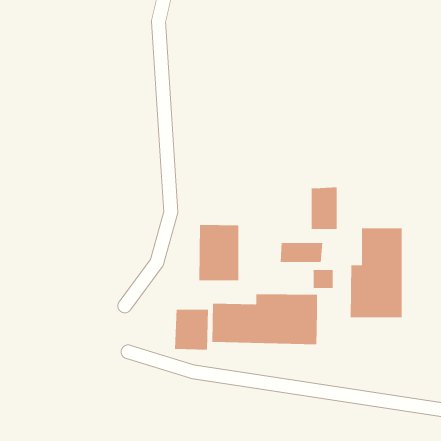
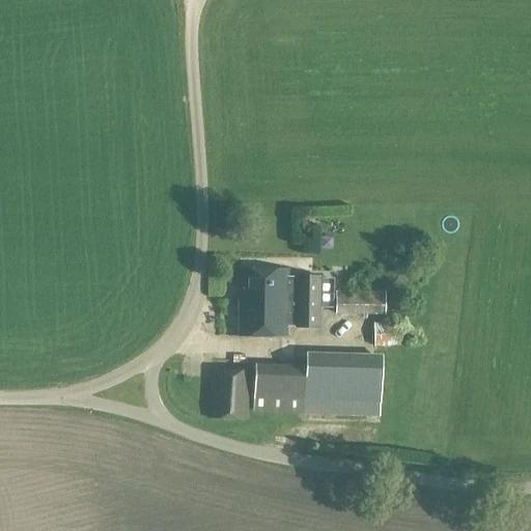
building: [311,187,338,229] -> [288,276,320,327]
building: [350,228,402,318] -> none

